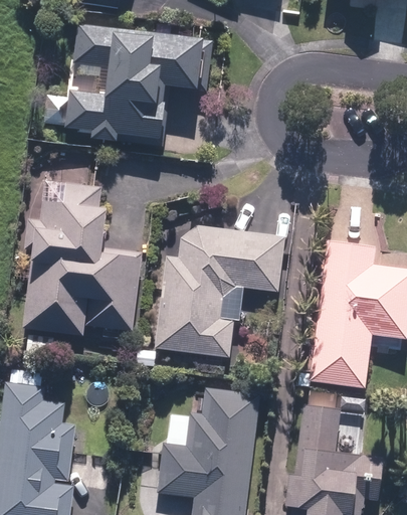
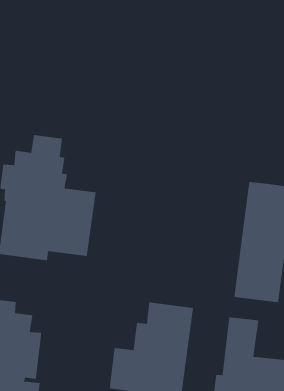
building: [43,25,213,147] -> none
building: [154,225,284,358] -> none

